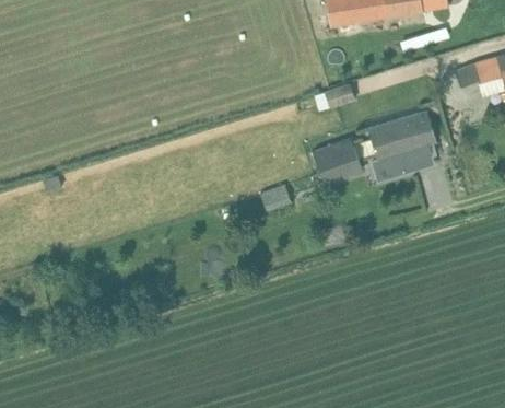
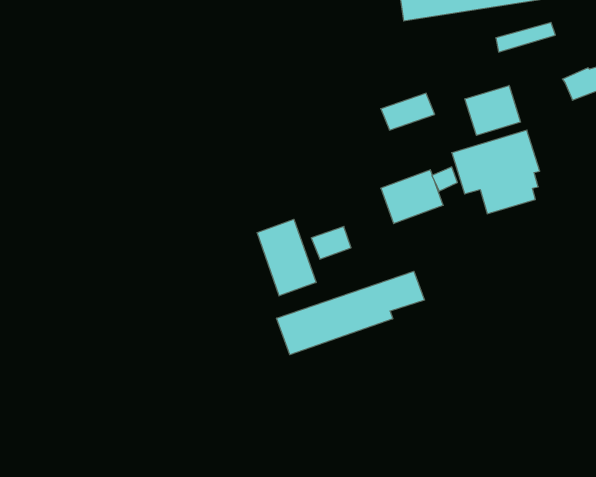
building: none -> [465,85,520,135]
building: none -> [257,219,316,296]
building: none -> [277,271,424,355]

